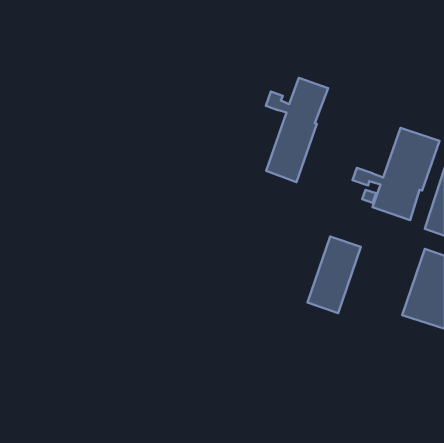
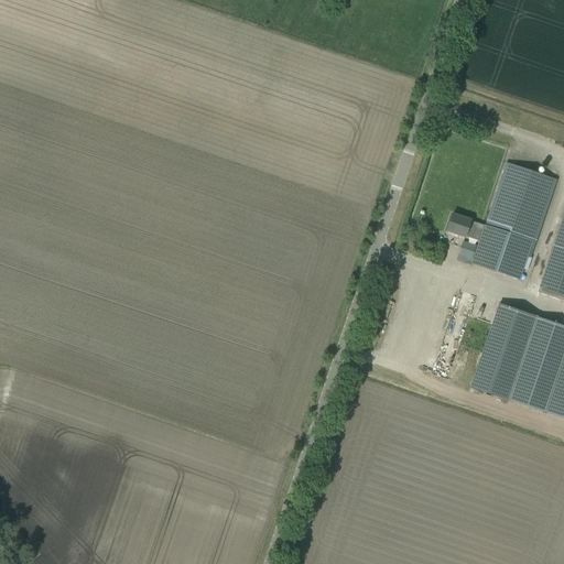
building: [266,78,328,182] -> none
building: [308,236,361,313] -> [471,302,539,399]

